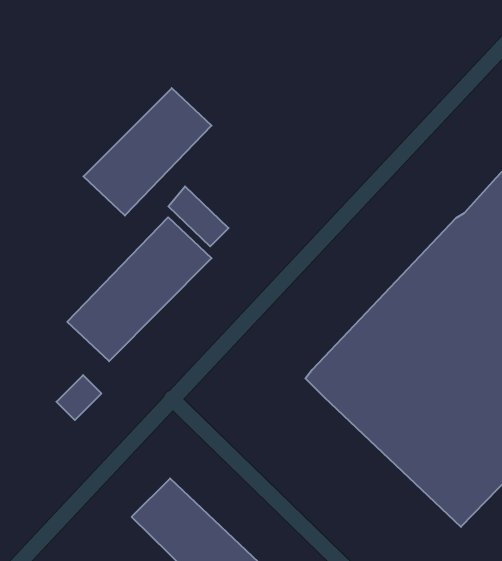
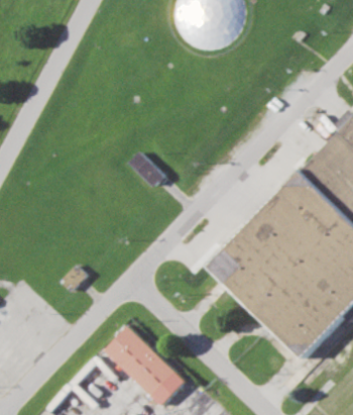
building: [83,88,212,216] -> none
building: [67,217,212,361] -> none

